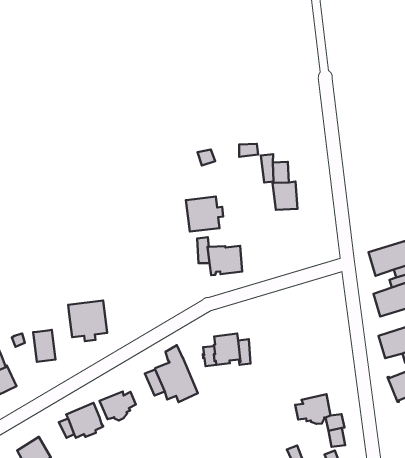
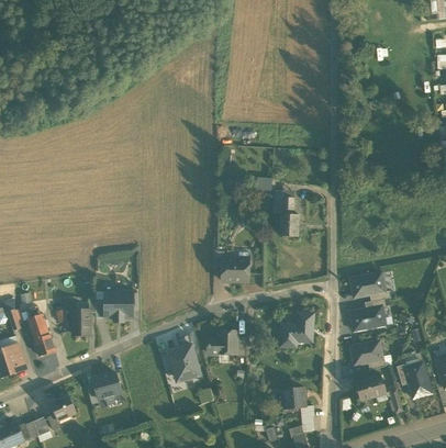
building: [186,197,223,232] -> none
building: none -> [280,313,313,347]
building: [99,391,136,420] -> none

